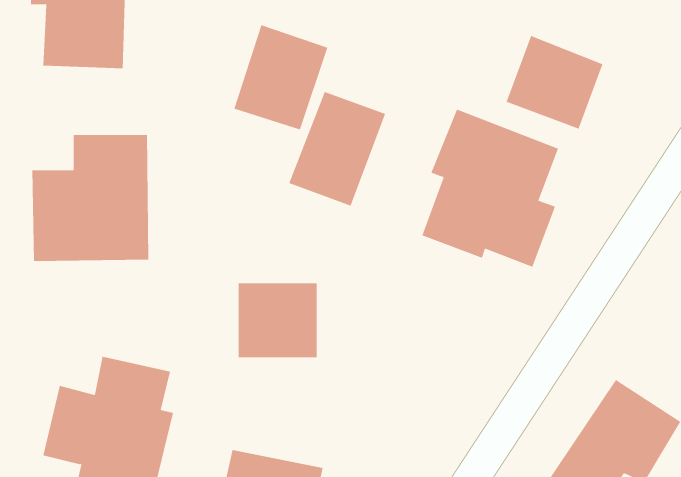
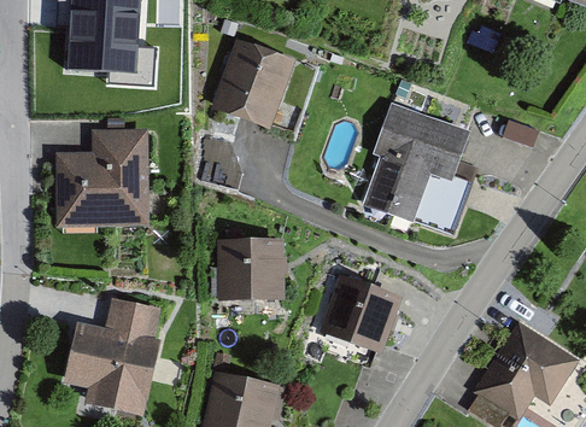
building: [506,35,603,130] -> none
building: [288,91,386,207] -> none
building: none -> [315,274,399,355]

